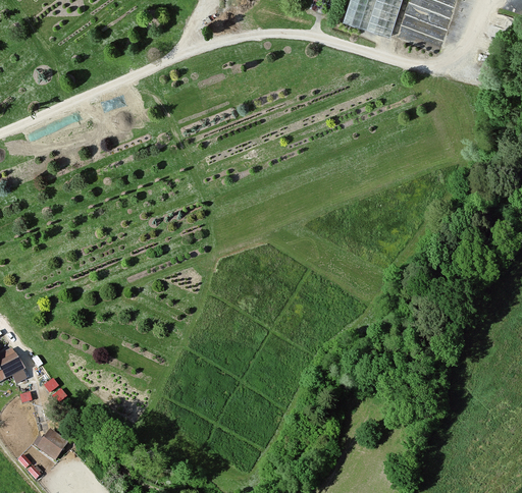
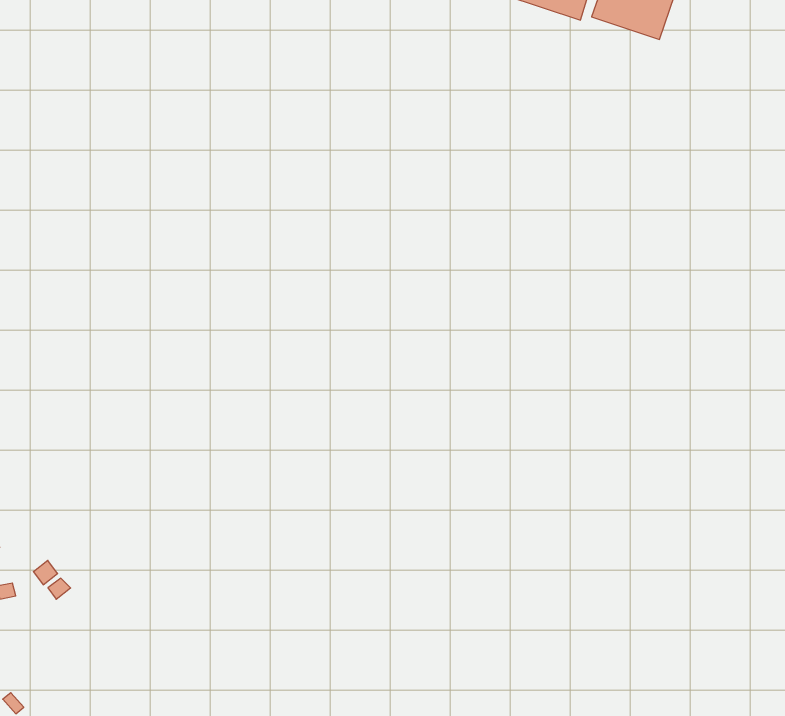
building: [34,428,69,459] -> none

